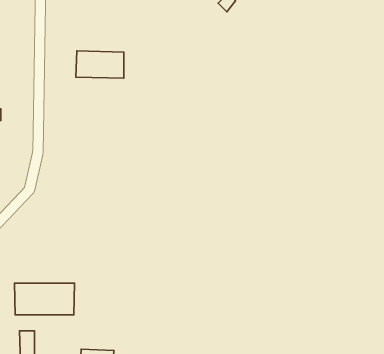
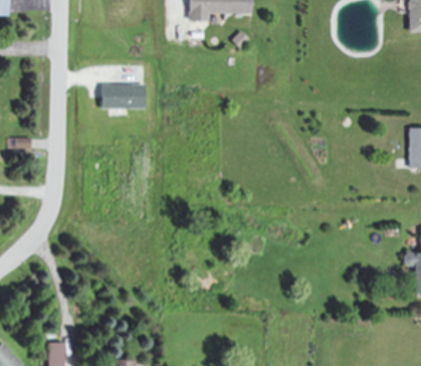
building: [15,283,74,315] -> none

